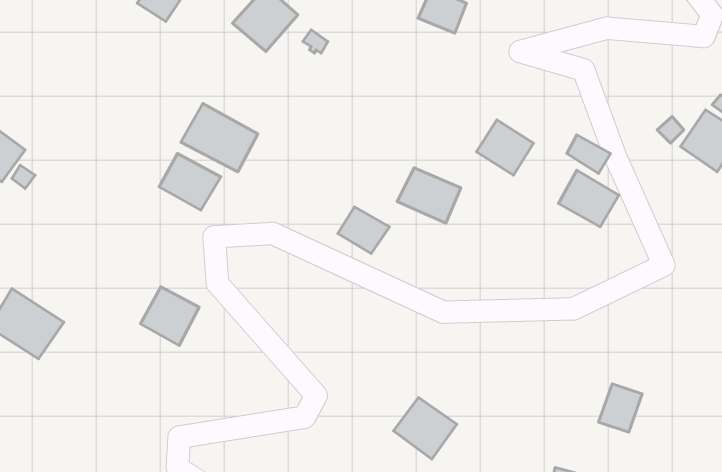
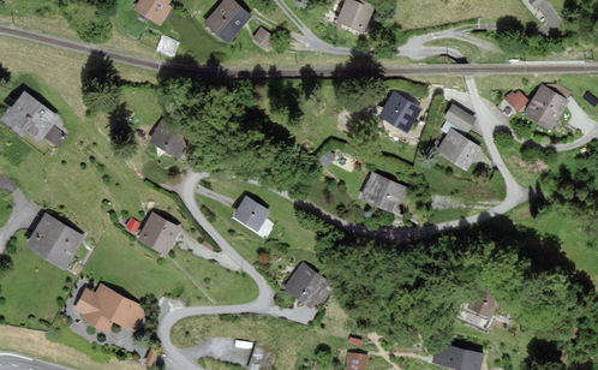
building: [181,104,258,172] -> none
building: [397,168,461,223] -> [360,174,406,214]
building: [338,207,390,254] -> [233,197,270,231]
building: none -> [76,286,145,333]
building: [393,397,457,459] -> [285,263,330,308]

